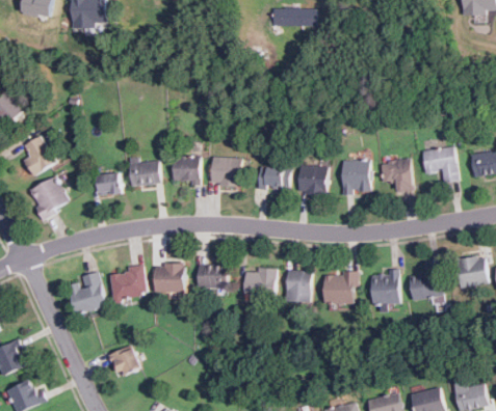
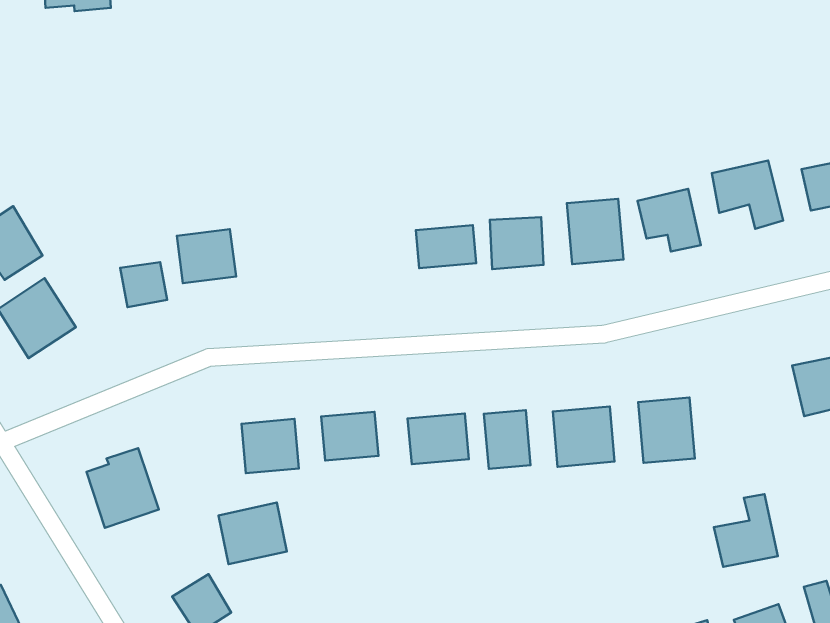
building: [172,156,200,181] -> none
building: [211,158,241,185] -> none
building: [410,263,443,300] -> [714,494,778,567]
building: [111,268,147,299] -> [219,503,287,564]

